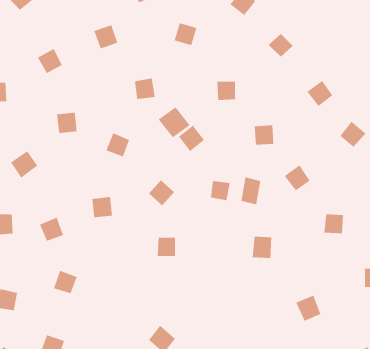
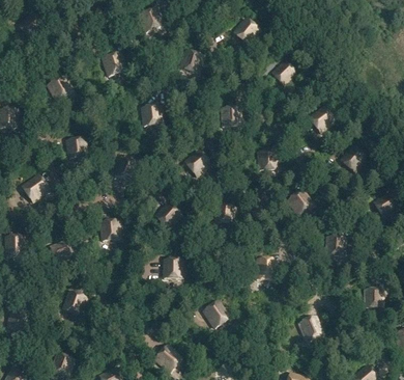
building: [158,106,190,138] -> none
building: [241,177,261,205] -> none
building: none -> [203,300,230,327]

